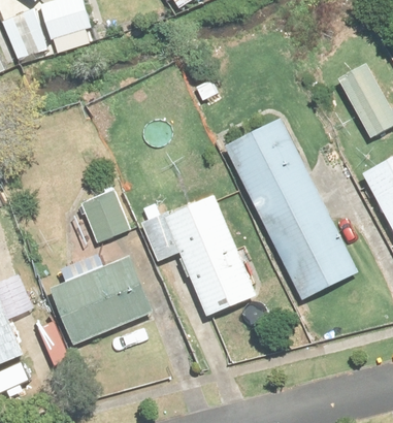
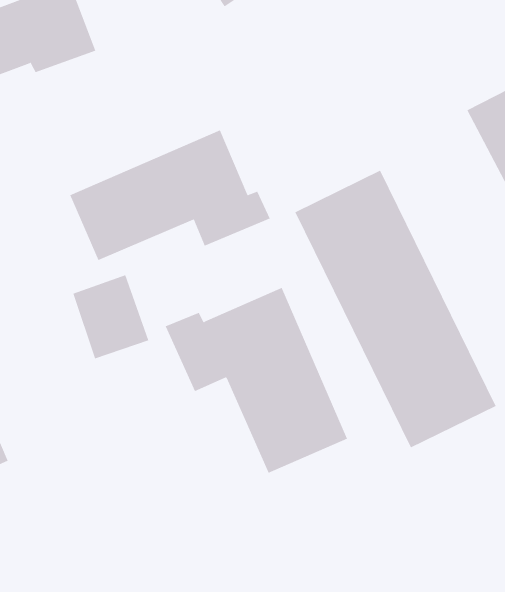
building: none -> [69,129,271,261]
building: [47,254,156,345] -> none

